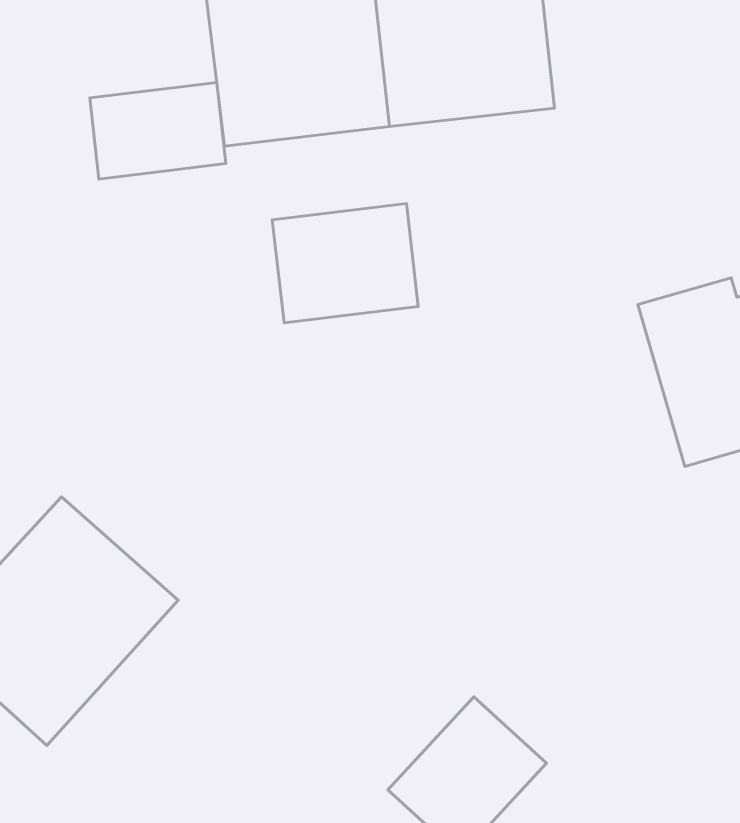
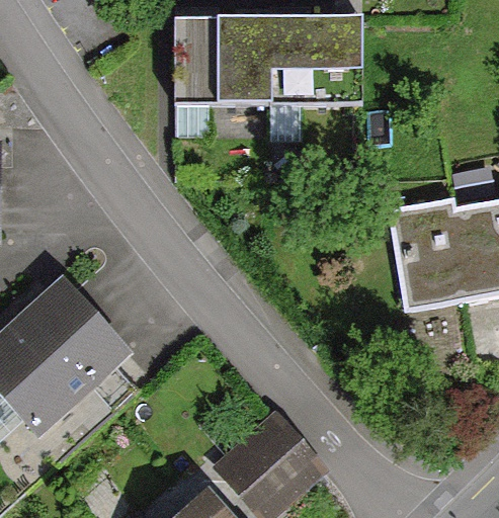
building: [90,82,226,179] -> none
building: [272,203,418,323] -> none

